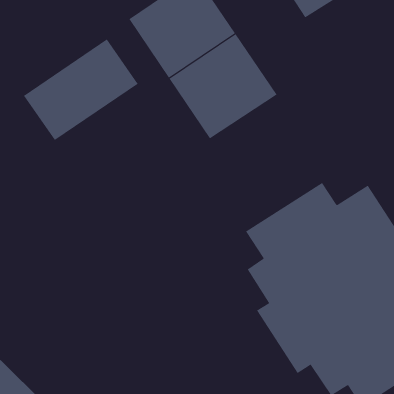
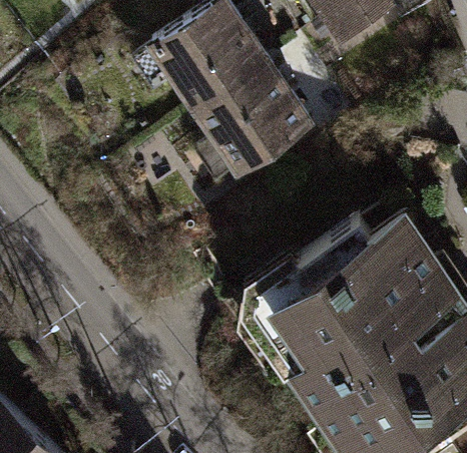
building: [23,39,138,141] -> none

